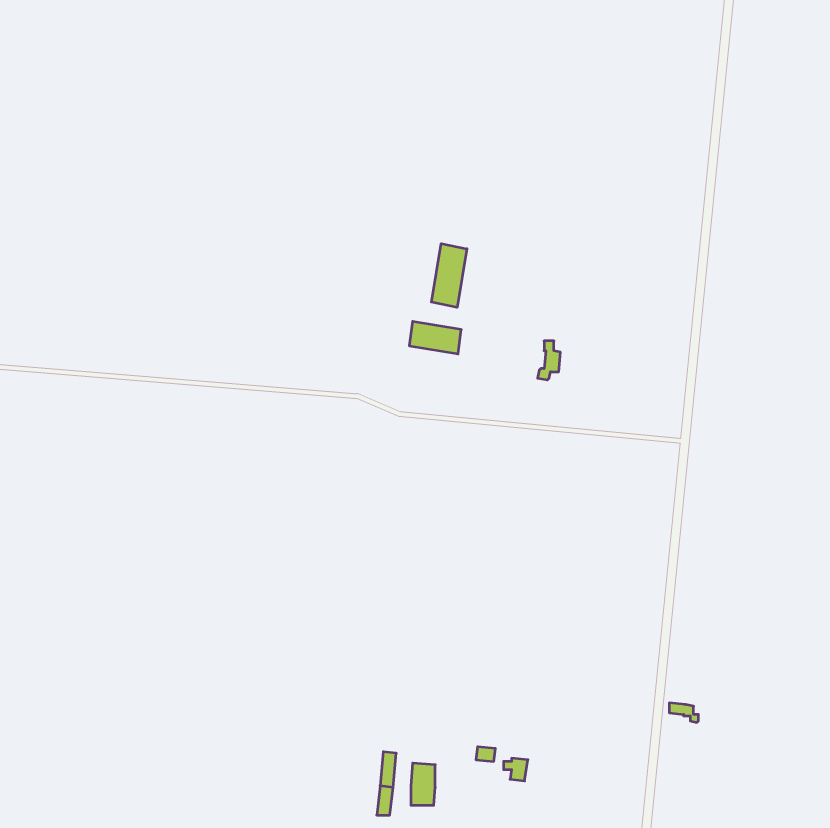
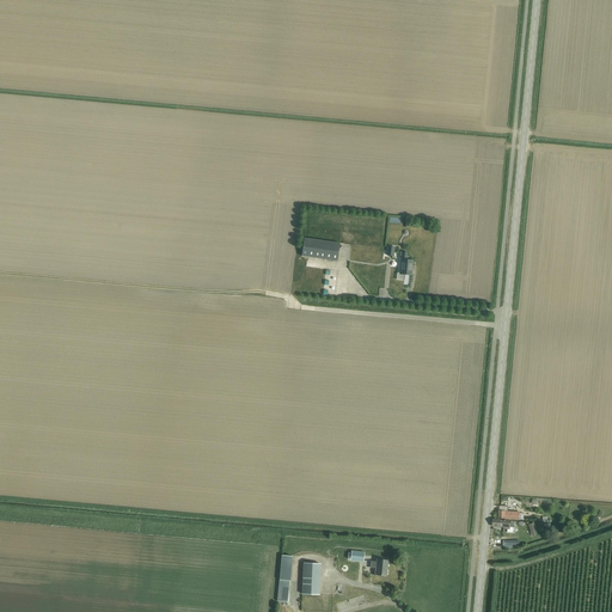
building: [431,244,467,307] -> none

